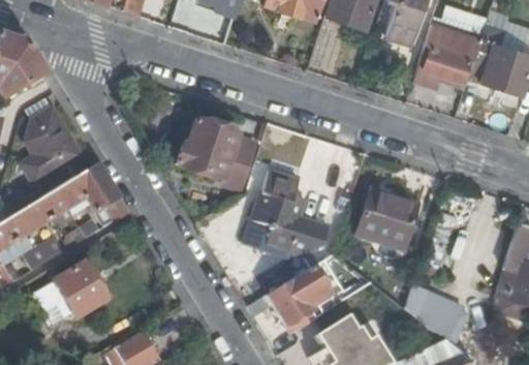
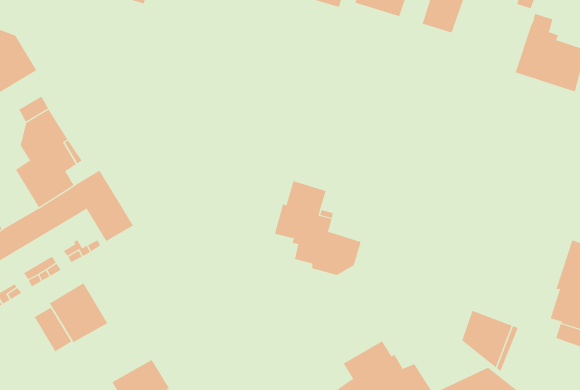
building: [412,29,480,87] -> none
building: [176,121,255,190] -> none
building: [357,192,417,247] -> none
building: [268,260,345,326] -> none

